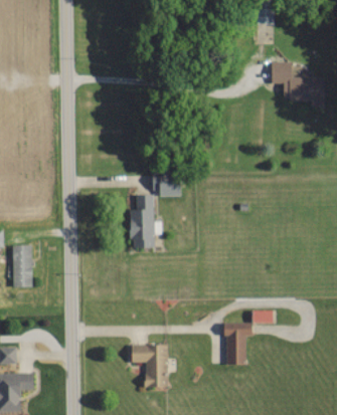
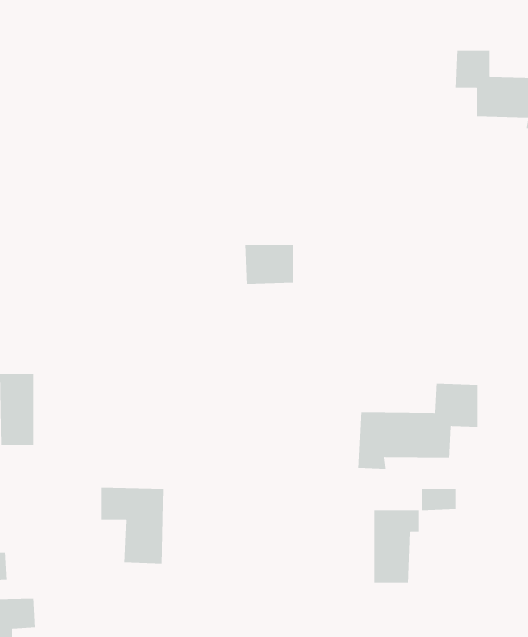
building: [131,196,162,249] -> none
building: none -> [358,383,478,470]
building: [132,345,168,389] -> [101,487,164,565]

